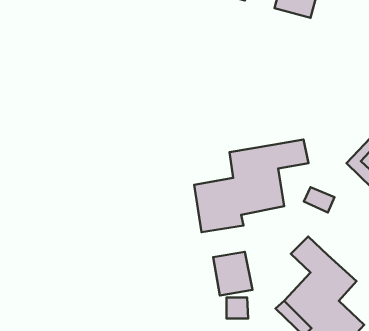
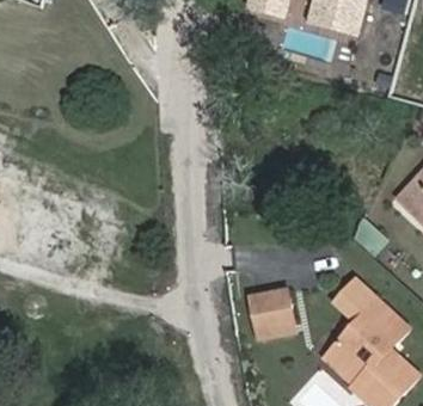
building: [194,139,308,232] -> none

